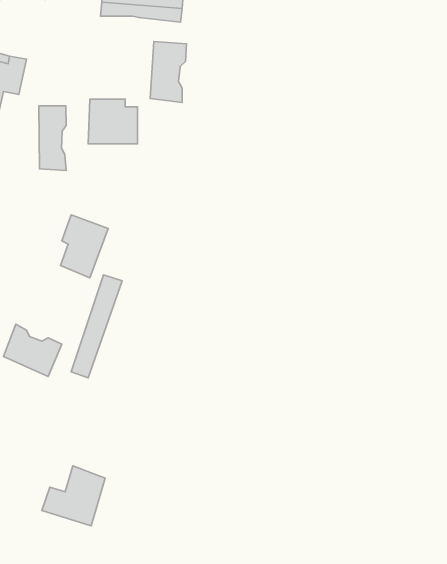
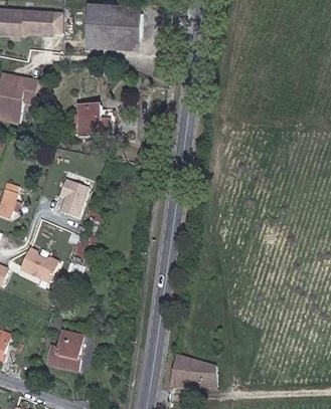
building: [150,41,187,102] -> none
building: [39,106,66,171] -> none
building: none -> [168,355,215,389]

